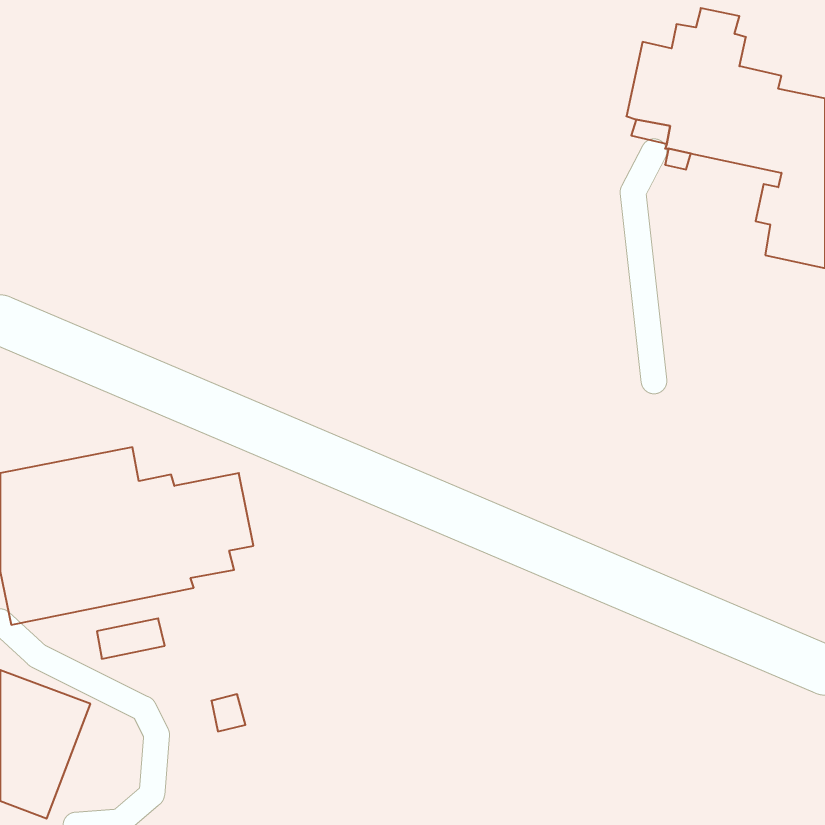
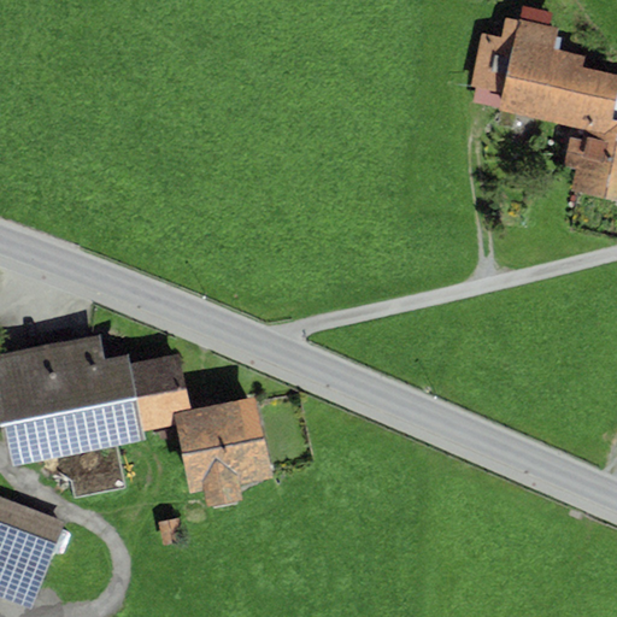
building: none -> [171,394,272,507]

